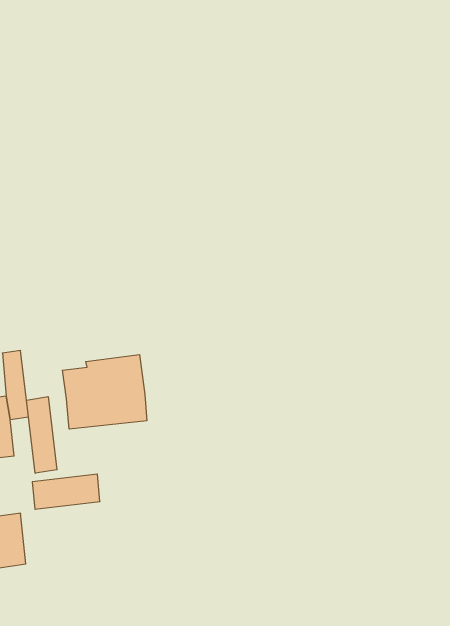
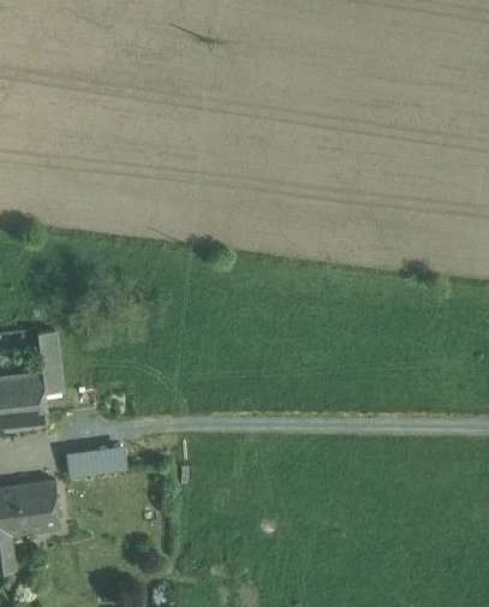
building: [62,355,147,429] -> none
building: [26,397,57,473] -> none

